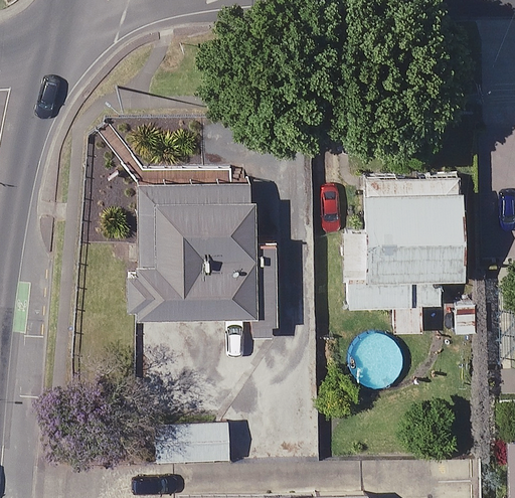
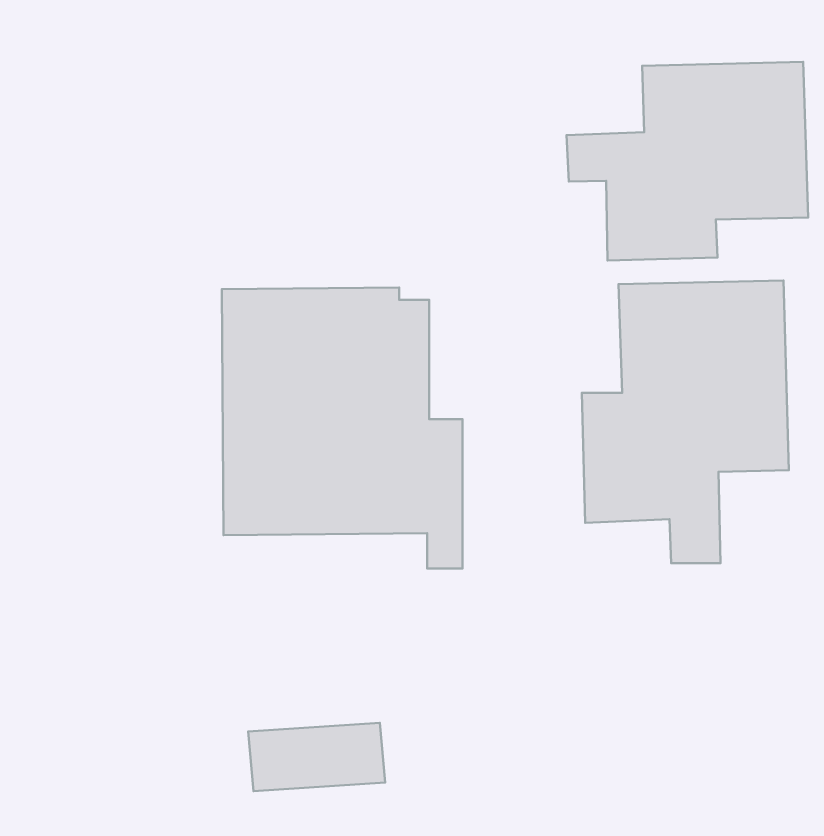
building: none -> [567,62,808,261]

